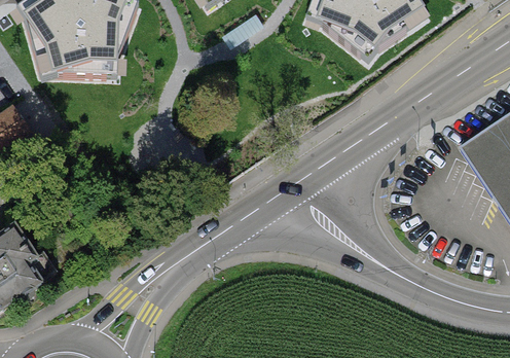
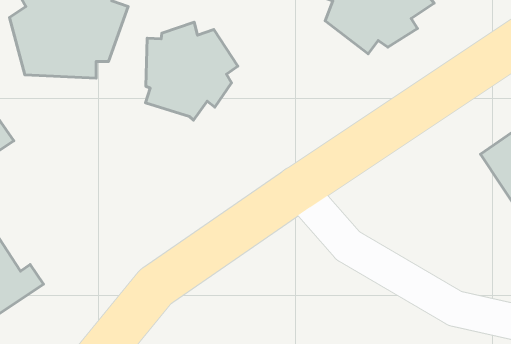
building: none -> [146,22,238,120]

